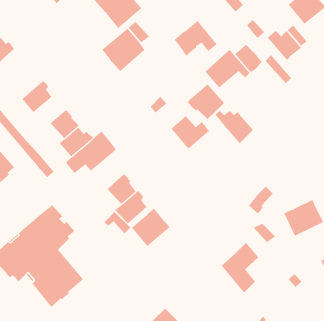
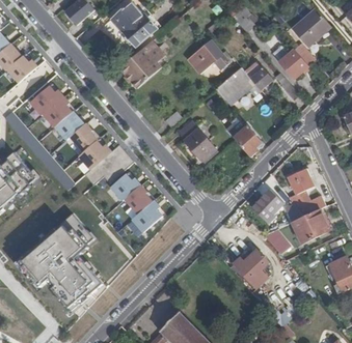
building: none -> [30,84,63,114]
building: [187,83,225,120] -> none
building: none -> [54,110,84,139]
building: none -> [287,167,325,217]
building: none -> [110,172,140,199]
building: [131,208,170,247] -> none

